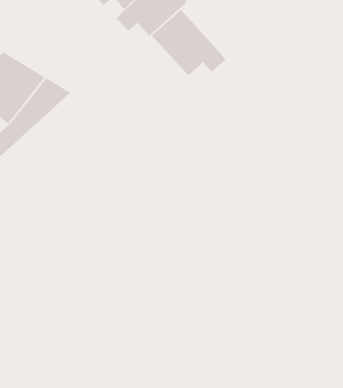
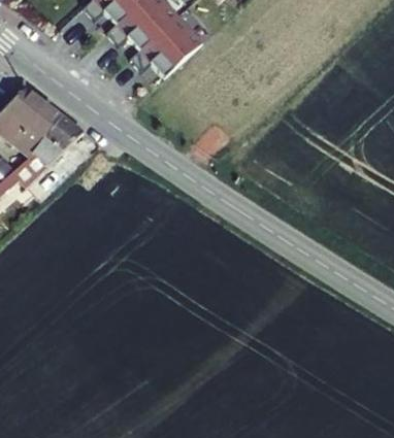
building: [151,9,226,76] -> none

